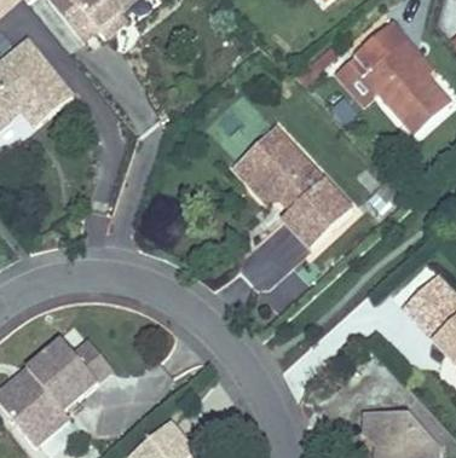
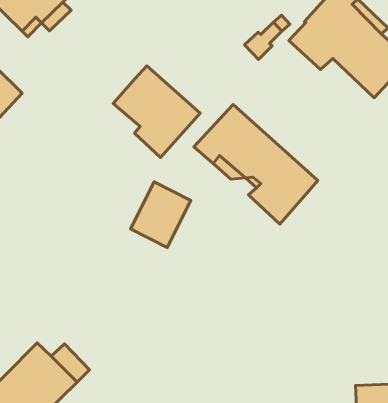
building: none -> [113,66,200,157]
building: [233,222,295,288] -> [130,182,191,248]

